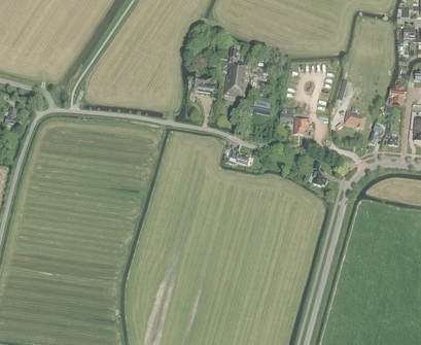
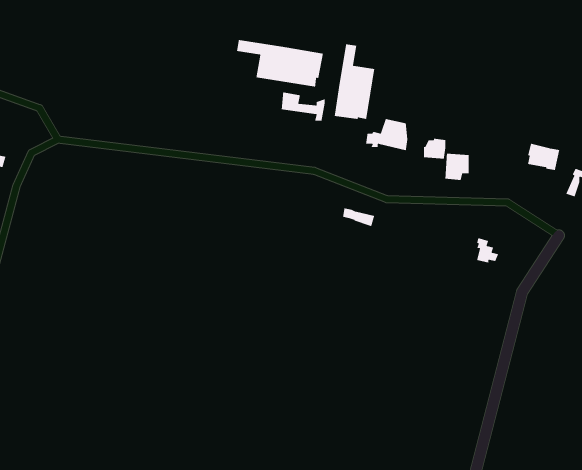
building: none -> [236,39,324,87]

